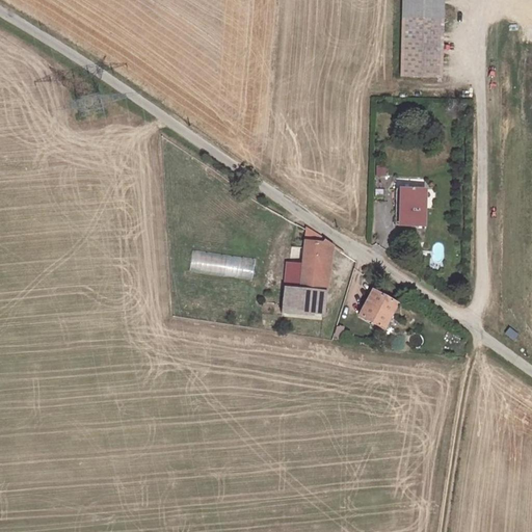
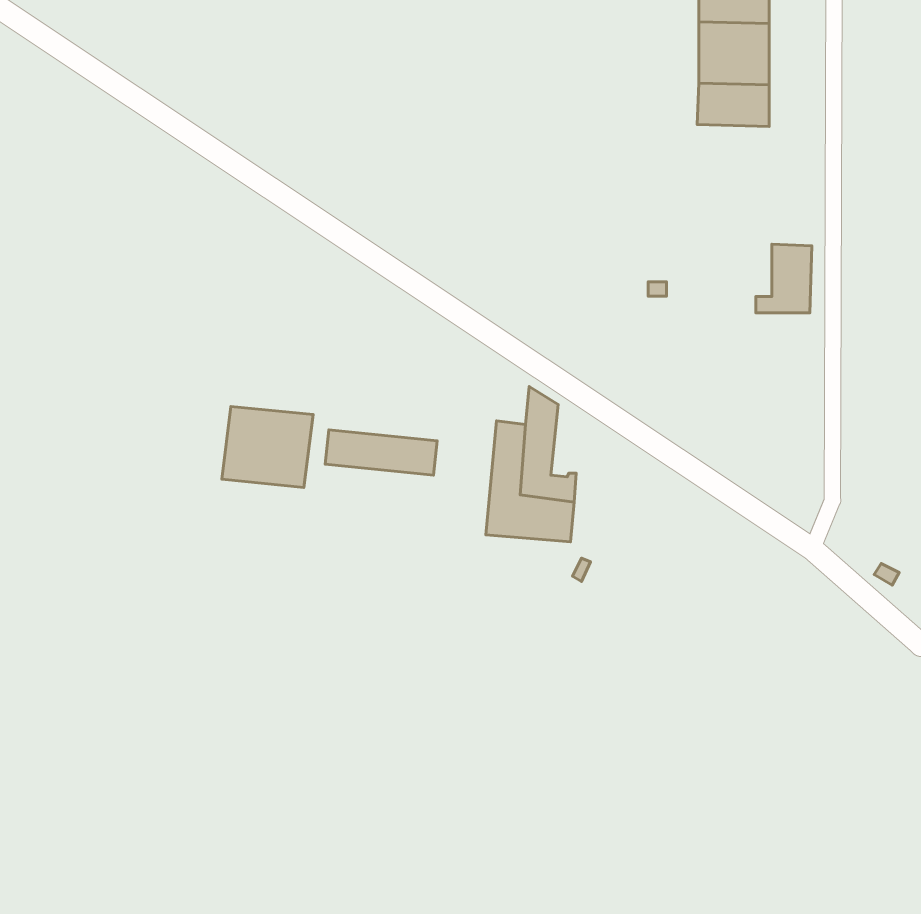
building: [396,191,428,231] -> [756,244,812,313]
building: none -> [222,406,313,487]
building: [356,291,395,326] -> none

